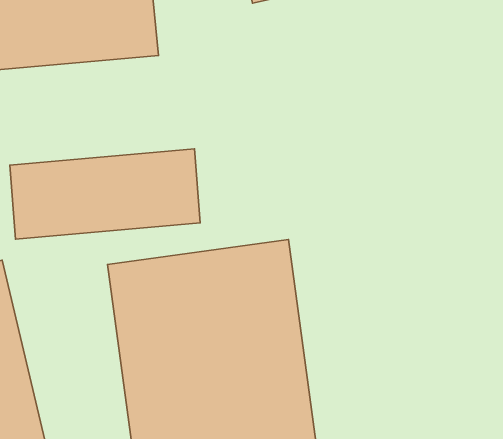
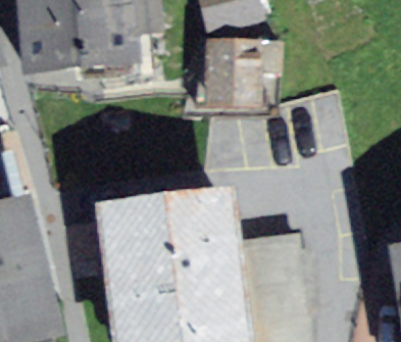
building: none -> [203,37,278,88]
building: [10,149,200,239] -> none

